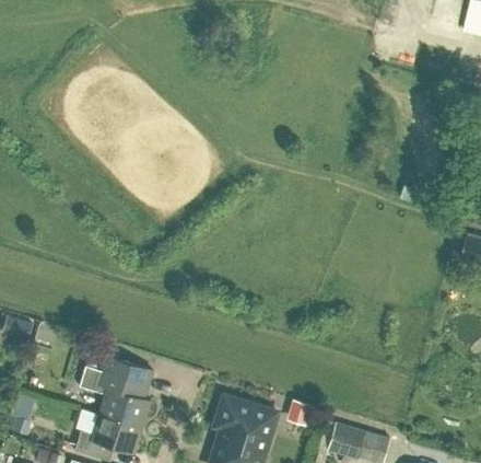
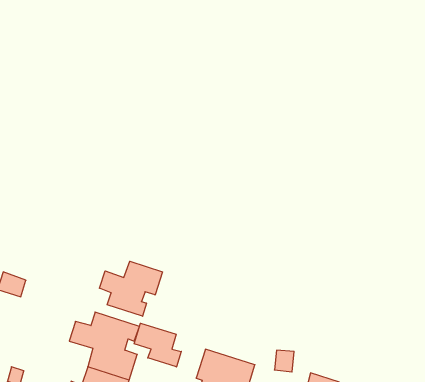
building: none -> [99,261,163,316]
building: none -> [134,323,181,367]

